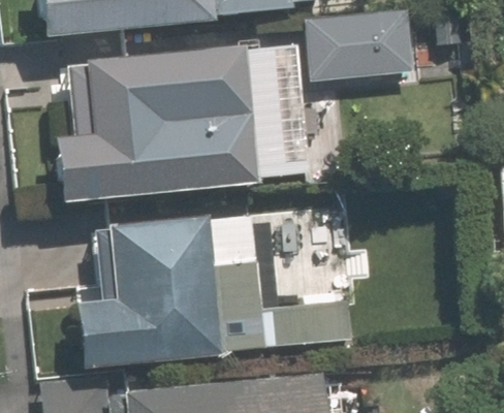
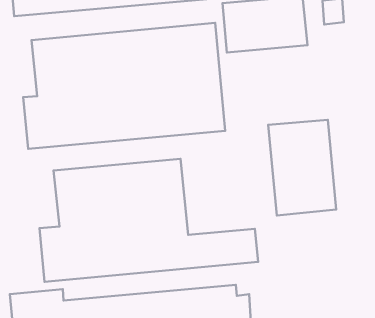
building: none -> [268,120,336,216]

